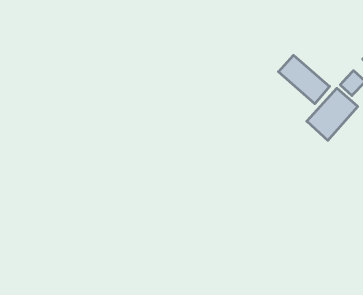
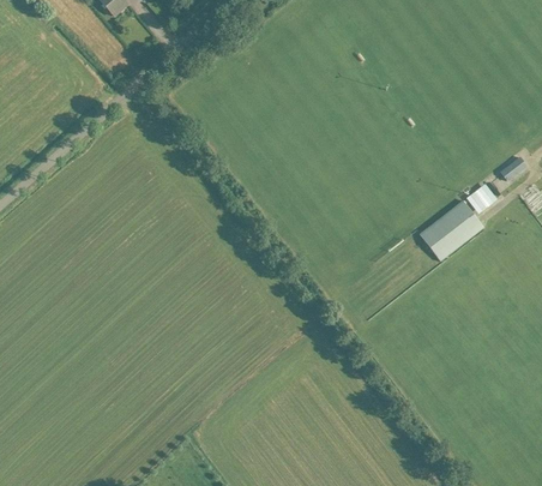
building: [278,55,330,104] -> none

